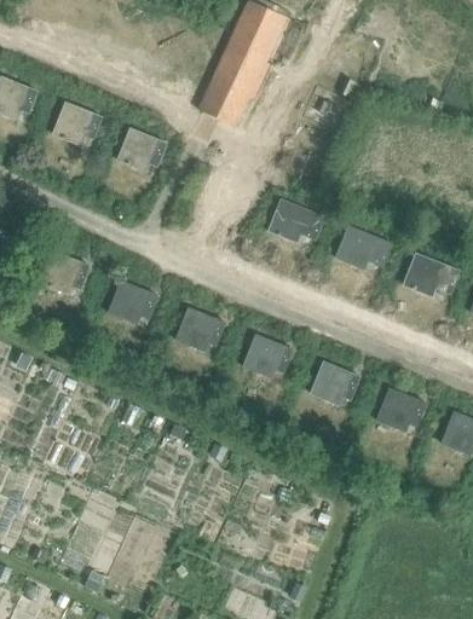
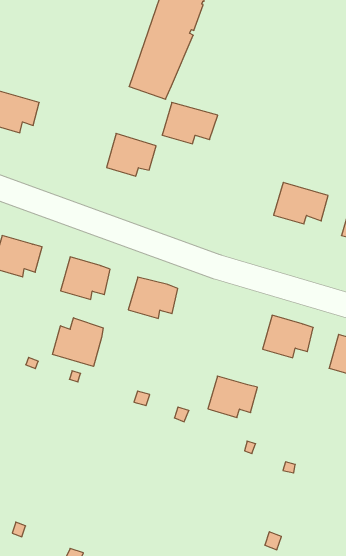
building: [115,126,168,172] -> [107,133,156,176]
building: [265,197,324,242] -> [162,102,218,144]
building: [241,332,294,377] -> [208,376,257,418]
building: none -> [52,318,103,366]

